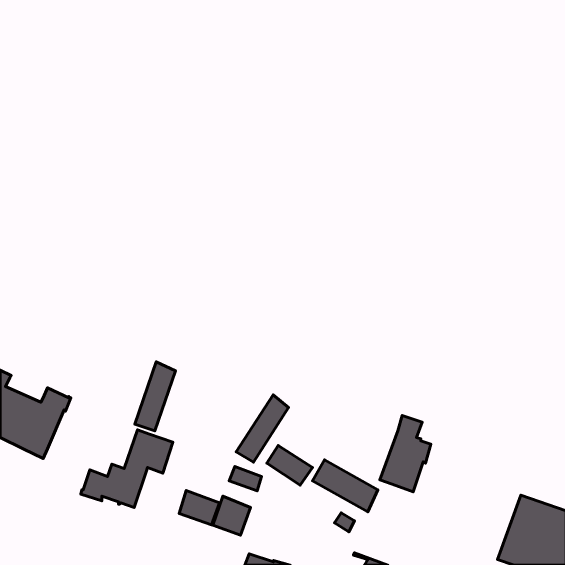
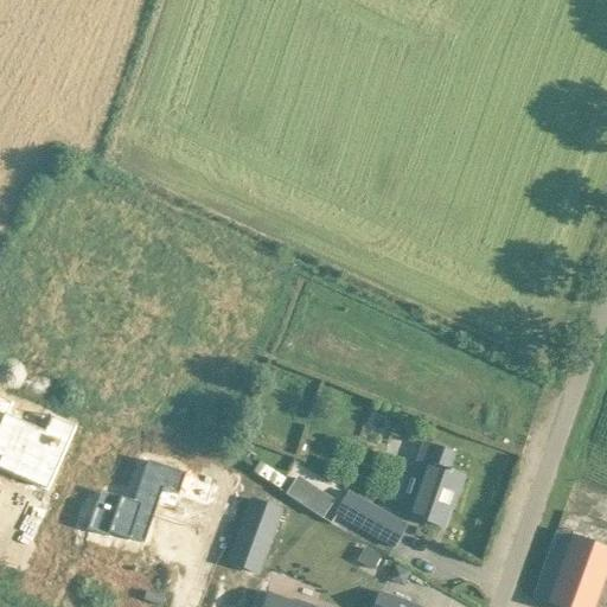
building: [135,362,175,431] -> none
building: [236,395,289,462] -> none
building: [179,491,219,525] -> none

